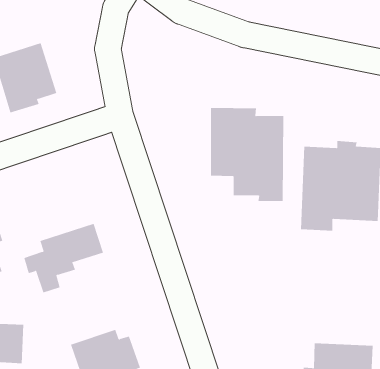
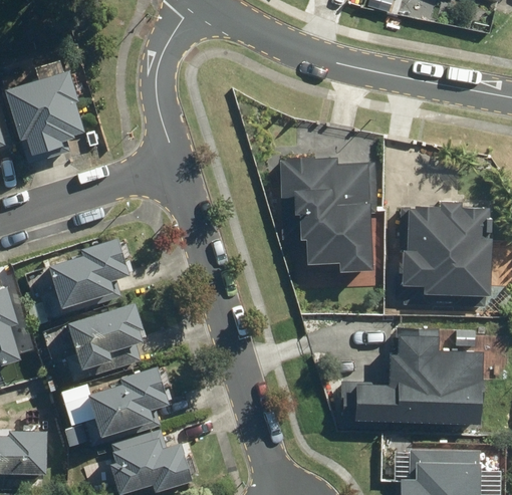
building: none -> [25,235,132,326]
building: none -> [337,331,483,423]
building: none -> [59,364,172,449]

